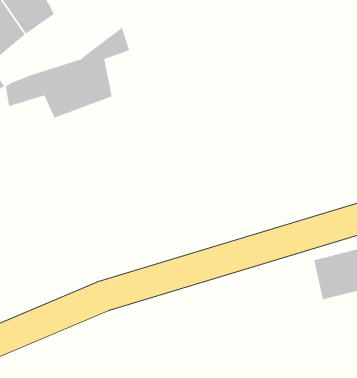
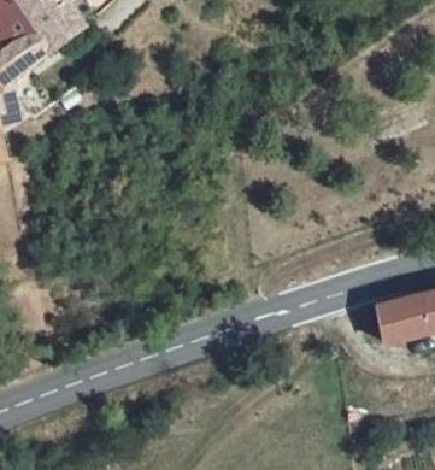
building: [5,26,130,118] -> none

